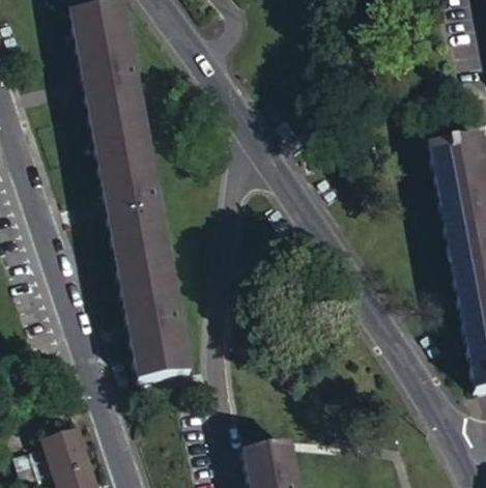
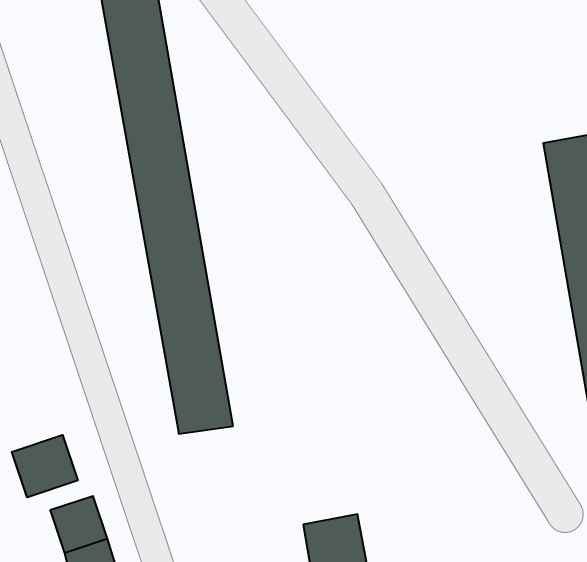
building: none -> [12,435,78,497]

